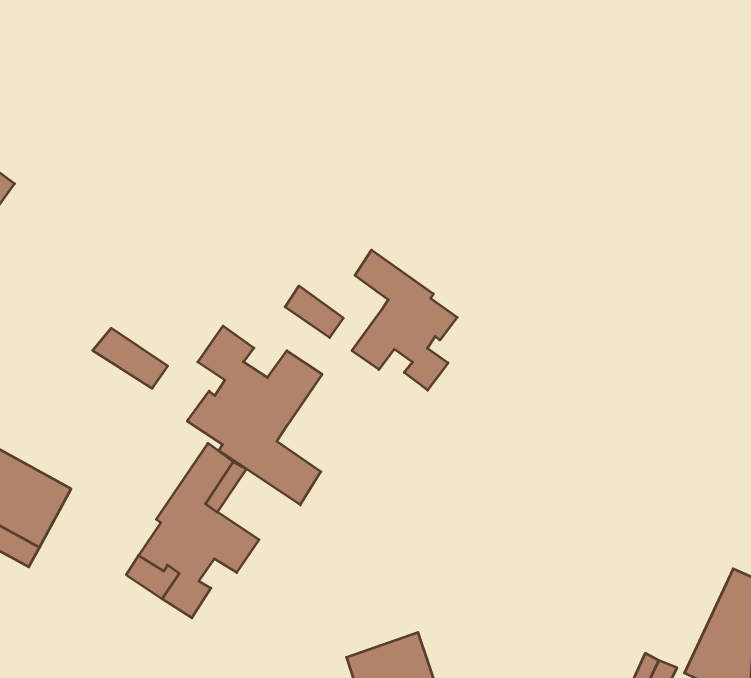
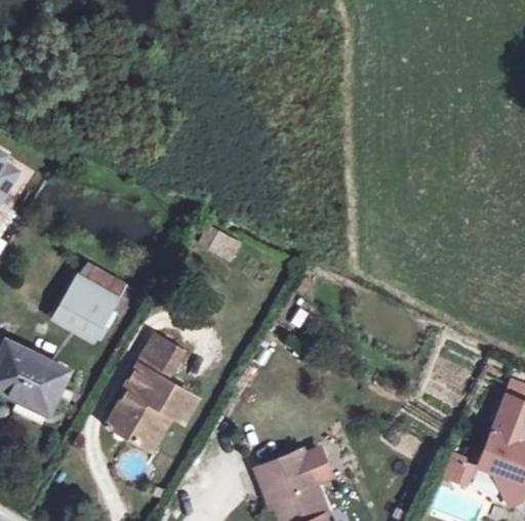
building: [352,250,457,390] -> none
building: [187,326,322,505] -> none
building: none -> [54,277,117,337]

